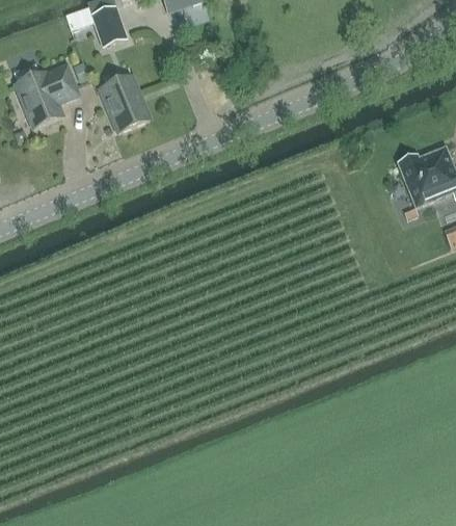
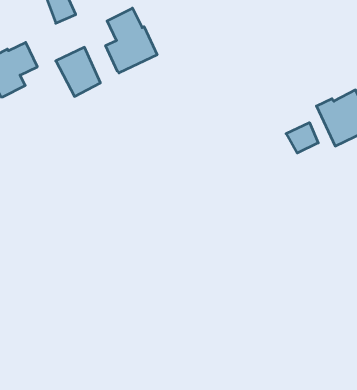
building: none -> [106,8,157,73]
building: none -> [286,123,318,153]

